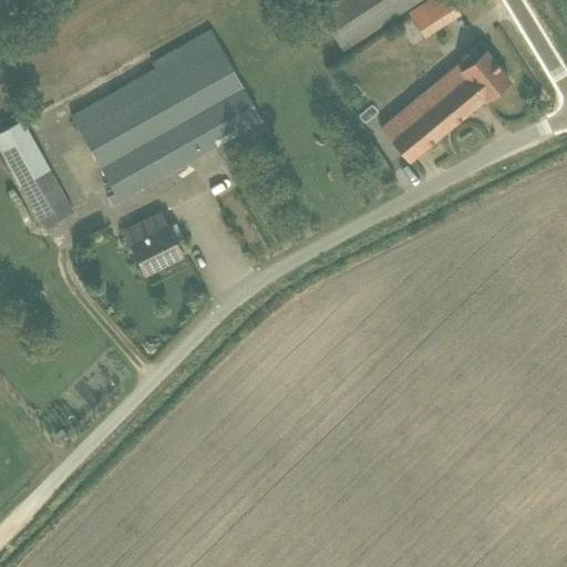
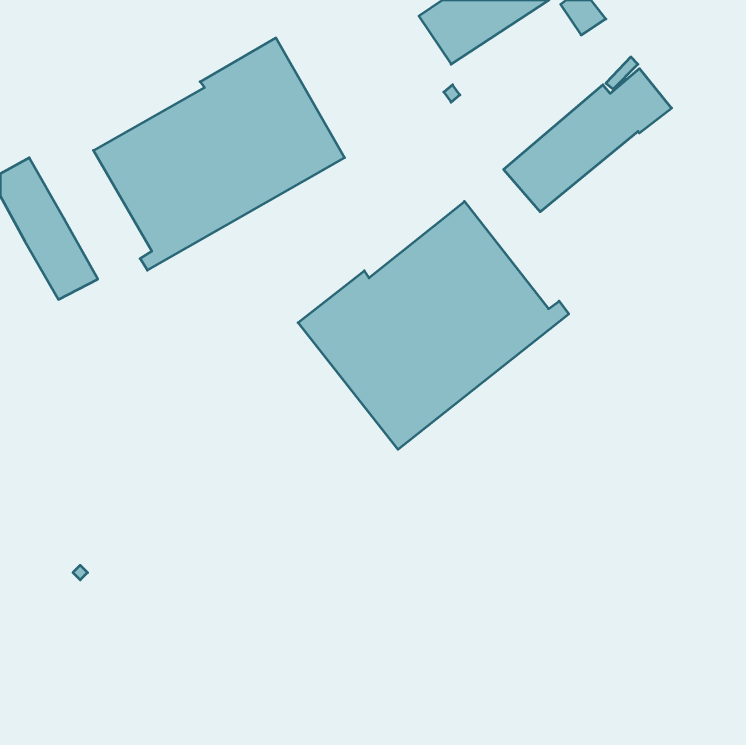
building: none -> [298,201,569,449]
building: [130,214,182,275] -> none

